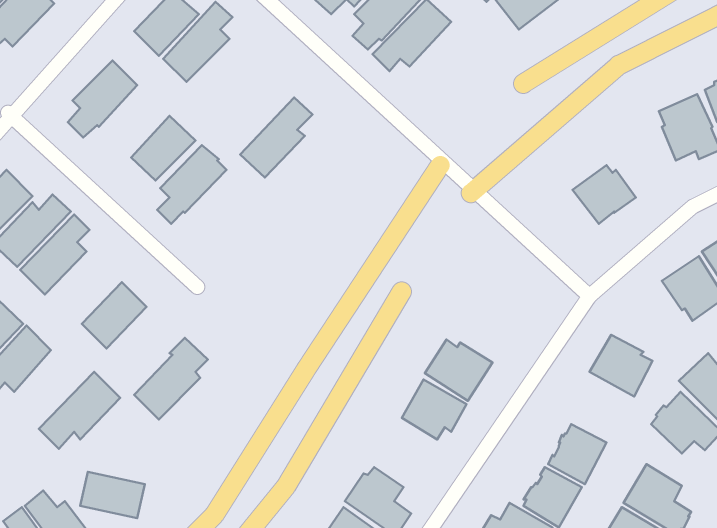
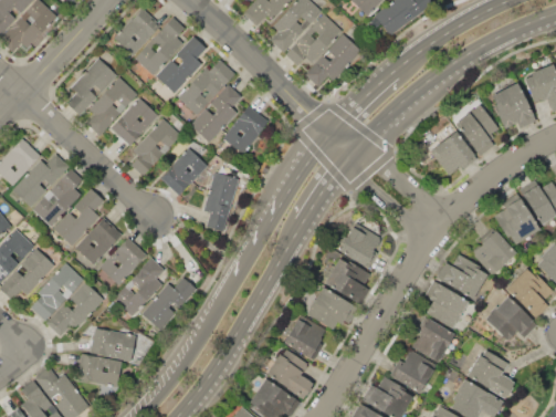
building: none -> [305,33,358,86]
building: none -> [157,35,206,92]
building: none -> [178,59,235,114]
building: none -> [86,76,137,134]
building: none -> [455,104,497,155]
building: none -> [222,105,269,154]
building: none -> [160,147,208,195]
building: none -> [203,171,239,231]
building: none -> [53,188,104,246]
building: none -> [338,222,381,269]
building: none -> [471,230,515,274]
building: none -> [99,237,147,284]
building: none -> [31,262,83,320]
building: none -> [140,277,196,330]
building: none -> [426,283,468,327]
building: none -> [283,313,325,359]
building: none -> [88,326,136,361]

